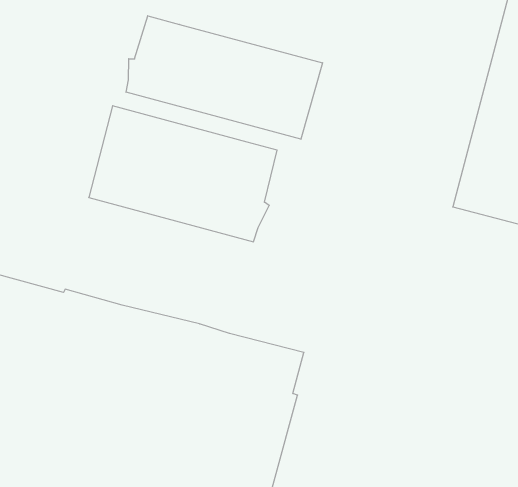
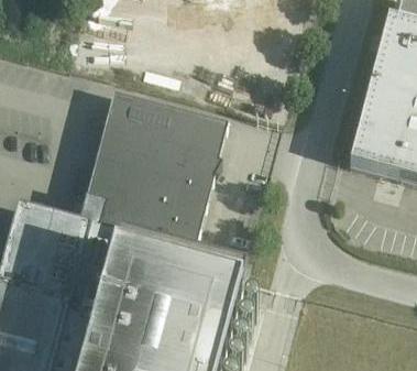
building: [126,16,323,139] -> none
building: none -> [80,155,211,250]

